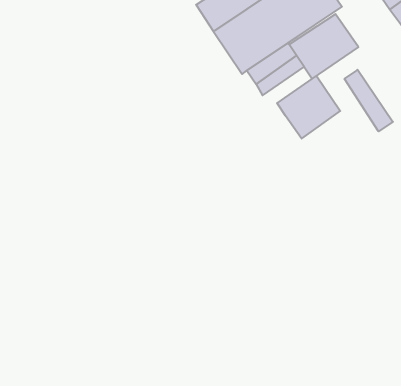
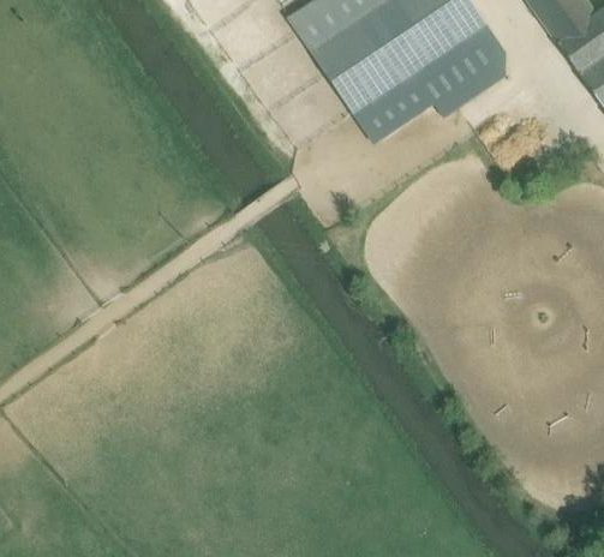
building: [345,70,393,131] -> none
building: [277,76,340,139] -> none

